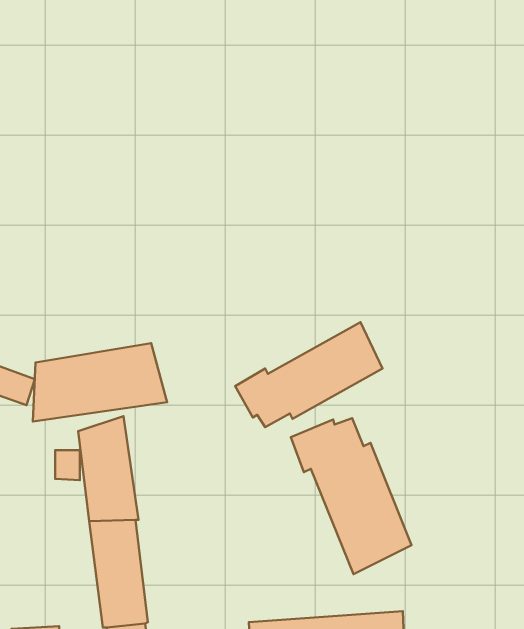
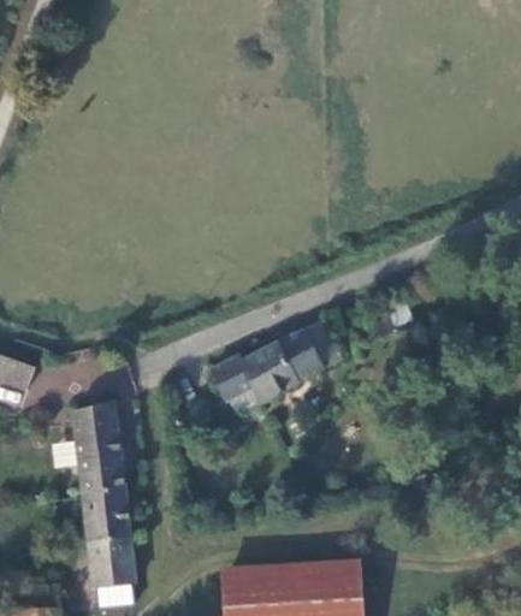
building: [33,343,167,422] -> none
building: [291,418,412,574] -> none

